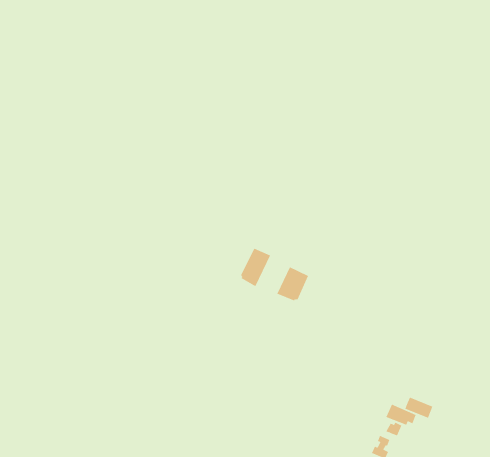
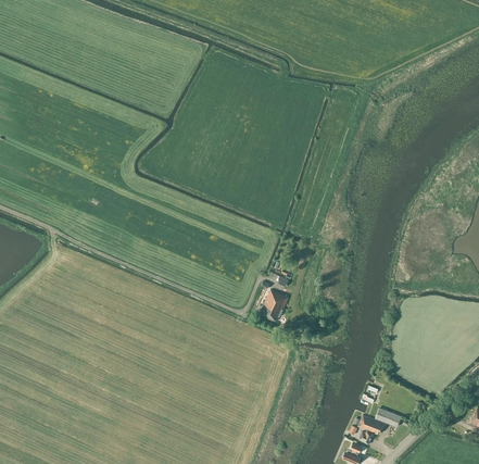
building: [240,248,271,287] -> none

